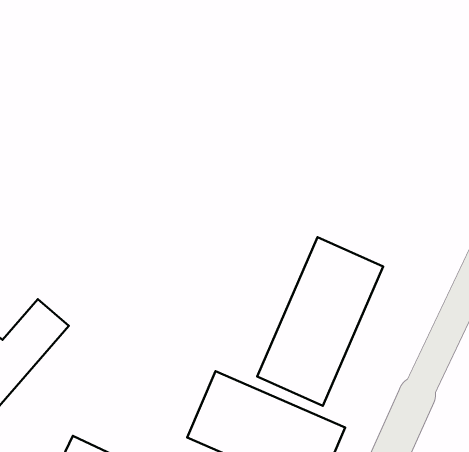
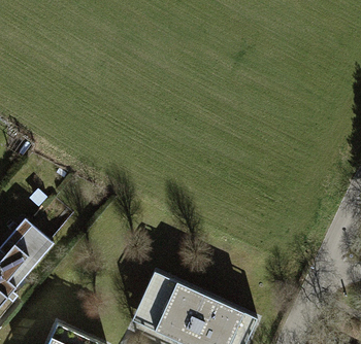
building: [257,237,383,406] -> none

